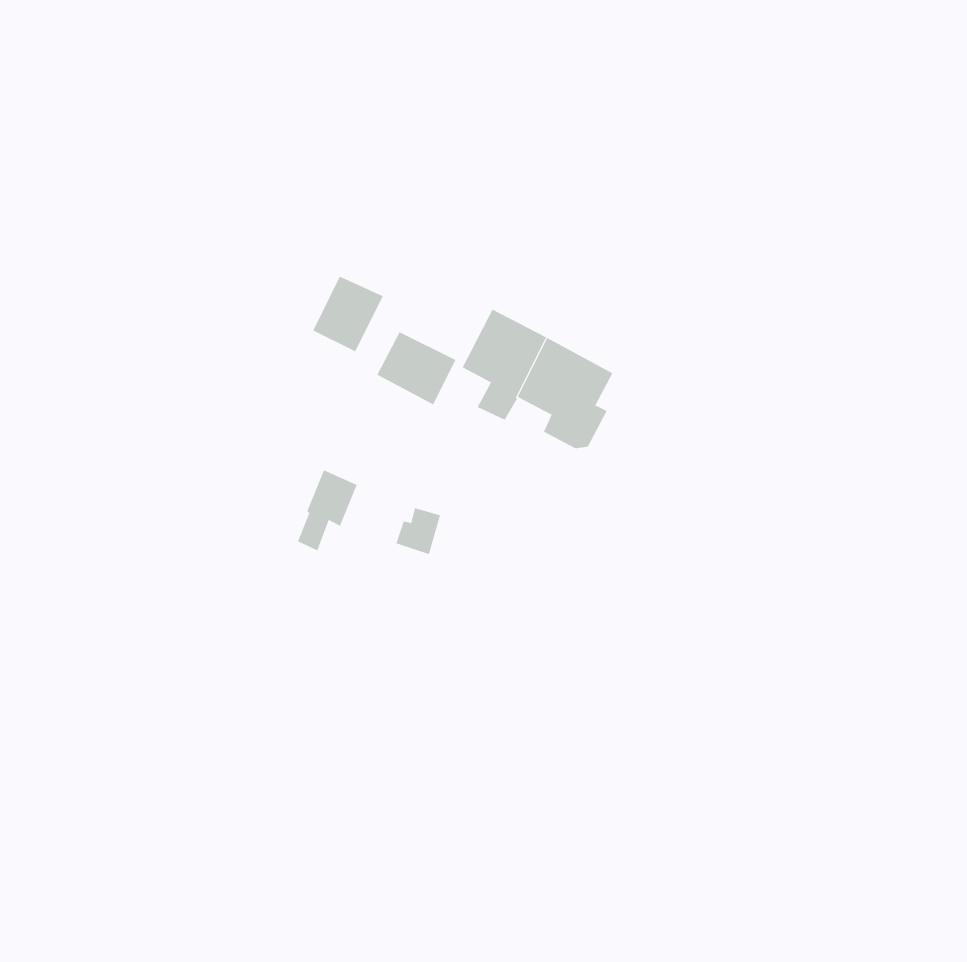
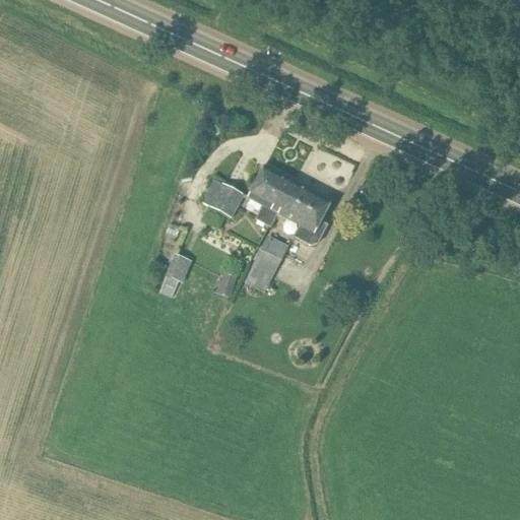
building: [313,276,384,352] -> none
building: none -> [244,235,289,292]

